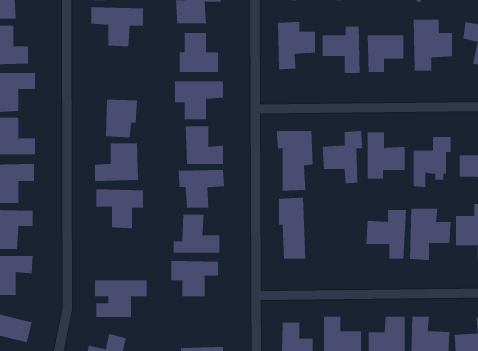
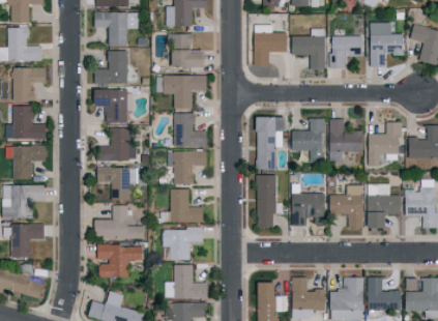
building: none -> [93,51,127,84]
building: none -> [292,194,325,227]
building: none -> [93,206,144,239]
building: none -> [176,265,208,298]

